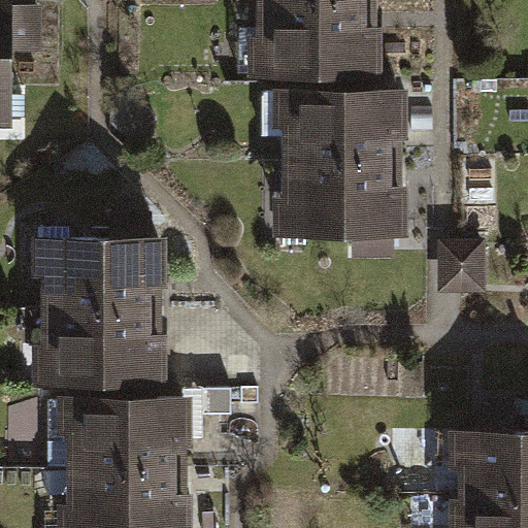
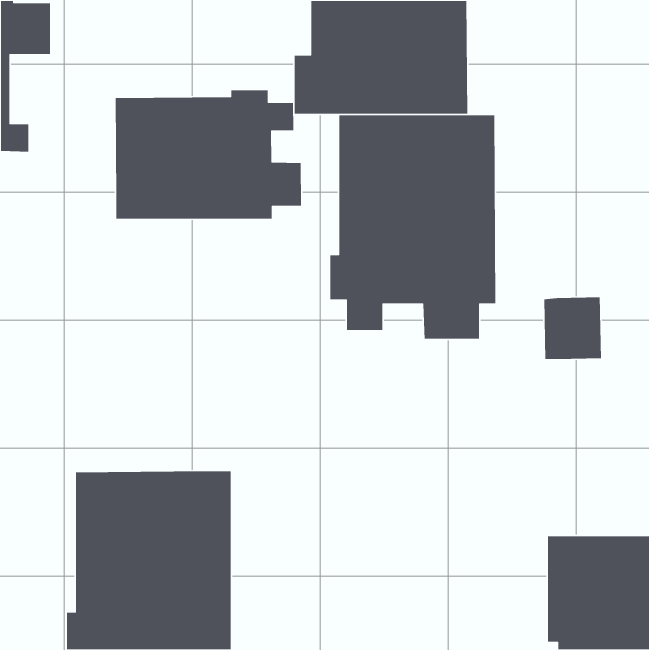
building: none -> [115,89,302,219]
building: [26,231,168,383] -> none

